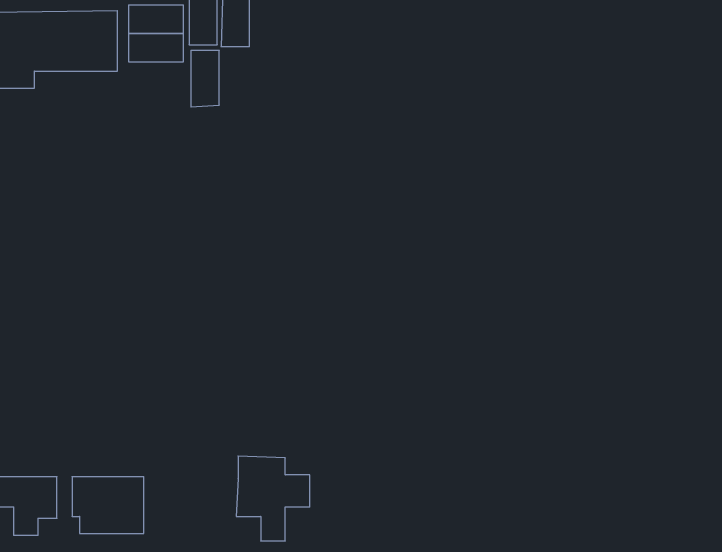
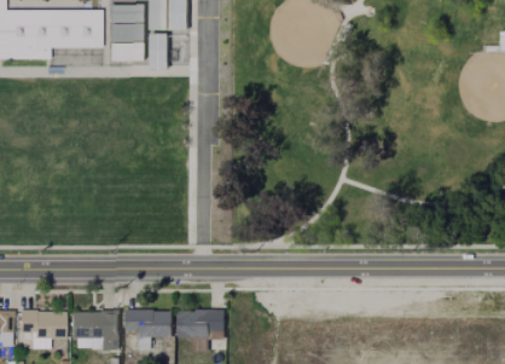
building: none -> [109,42,144,62]
building: none -> [126,307,172,348]

